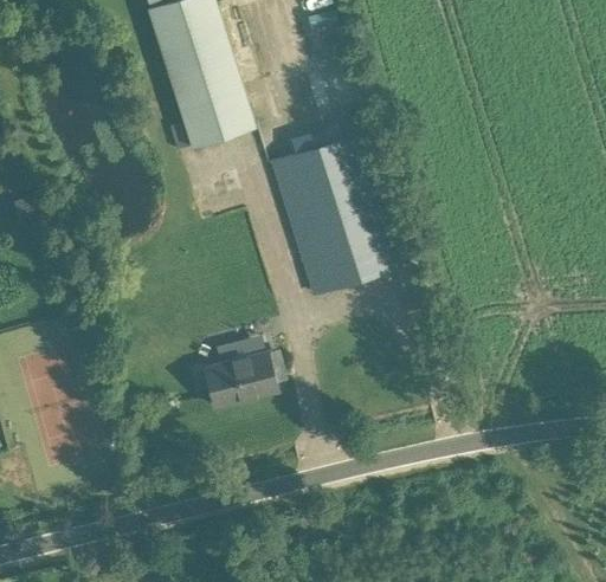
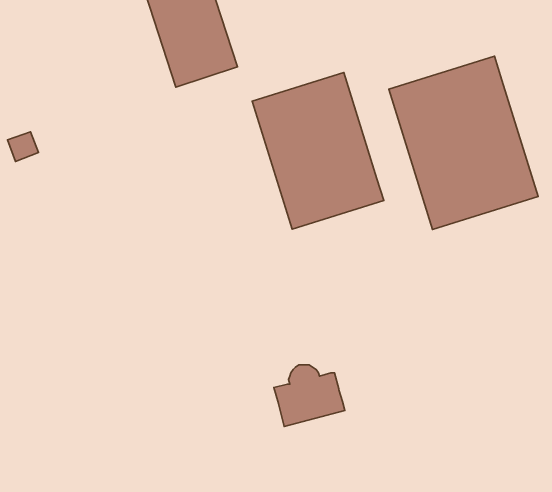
building: none -> [389,56,538,230]
building: [205,343,278,407] -> [274,365,345,427]

